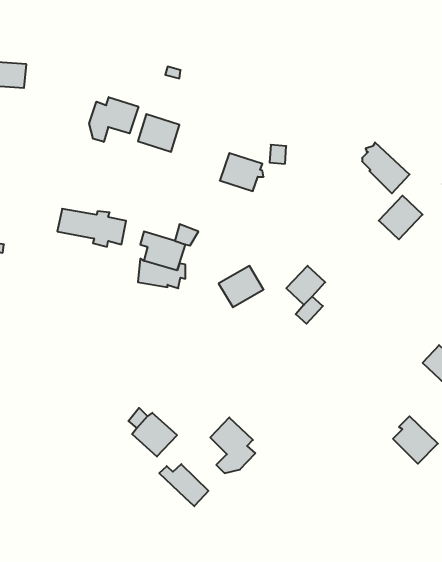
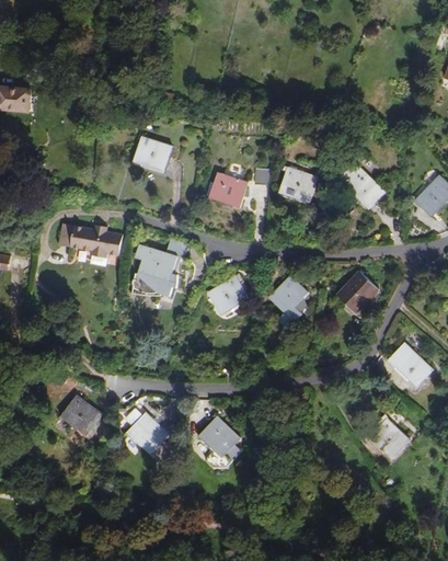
building: [89,97,138,142] -> none
building: none -> [278,167,317,202]
building: [379,196,423,239] -> [337,272,378,312]
building: none -> [61,394,101,434]
building: [159,464,208,506] -> none

